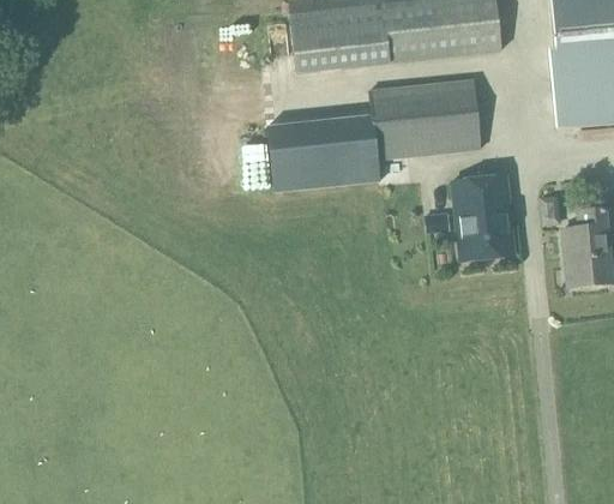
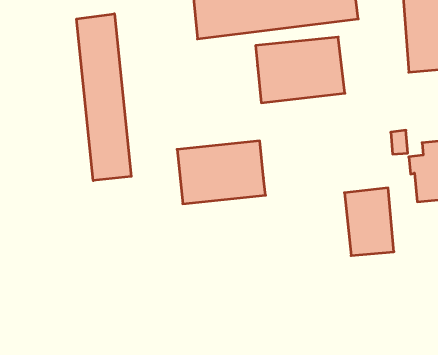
building: none -> [77,14,131,181]
building: [266,113,378,192] -> [177,141,266,204]
building: [452,174,514,259] -> [344,188,394,256]

